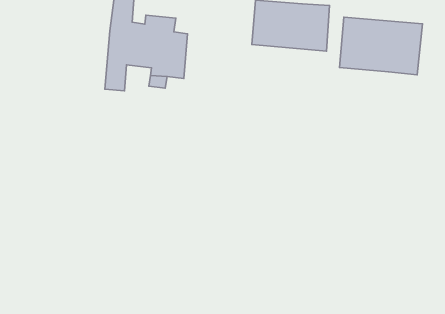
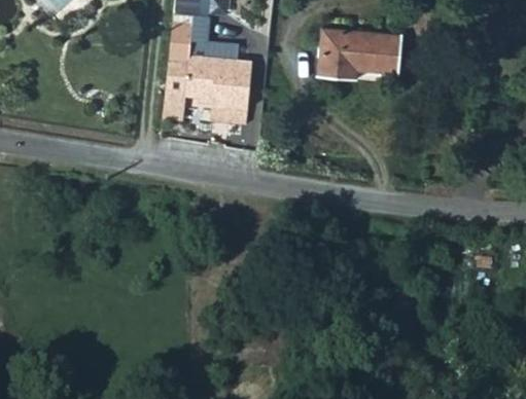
building: [339,17,423,75] -> none

